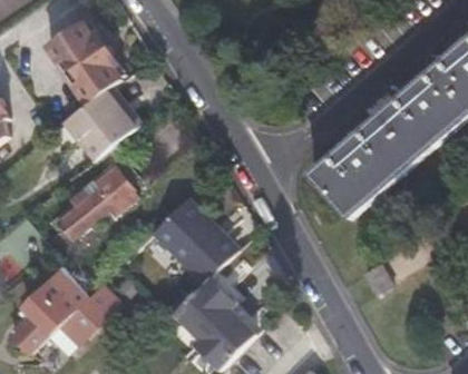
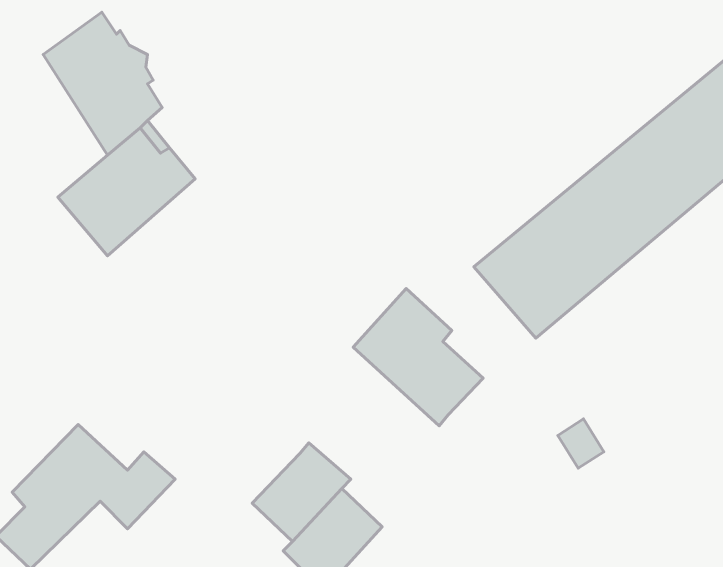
building: [50,166,136,245] -> none
building: [148,205,227,288] -> [353,288,483,426]

